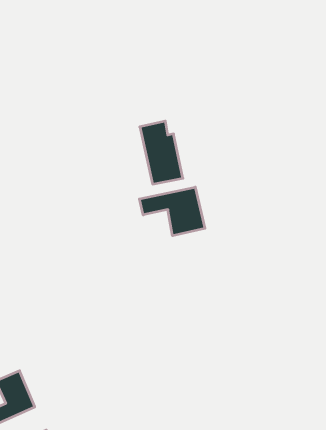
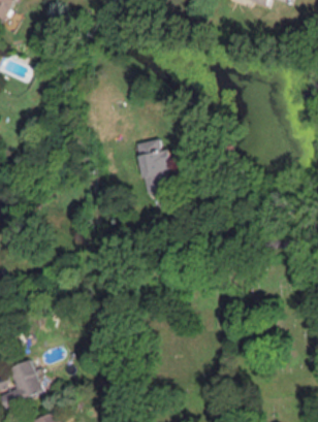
building: [139,187,205,236] -> none

